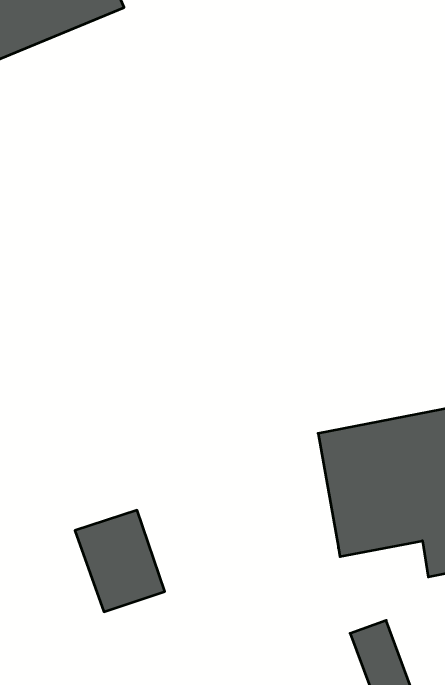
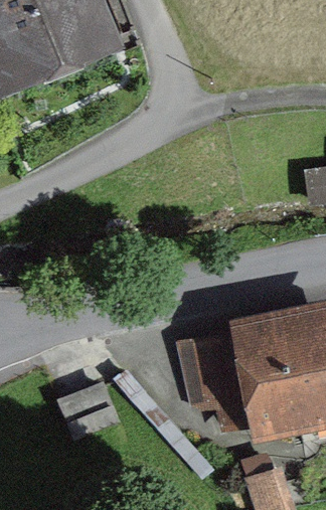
building: none -> [181,334,242,416]

